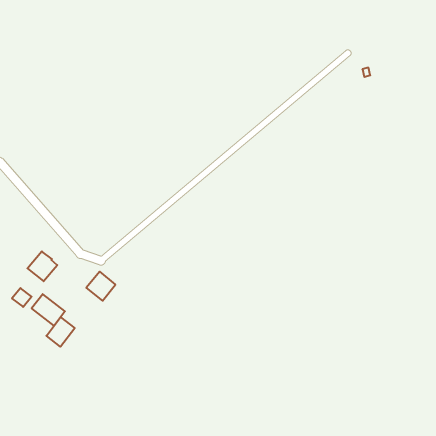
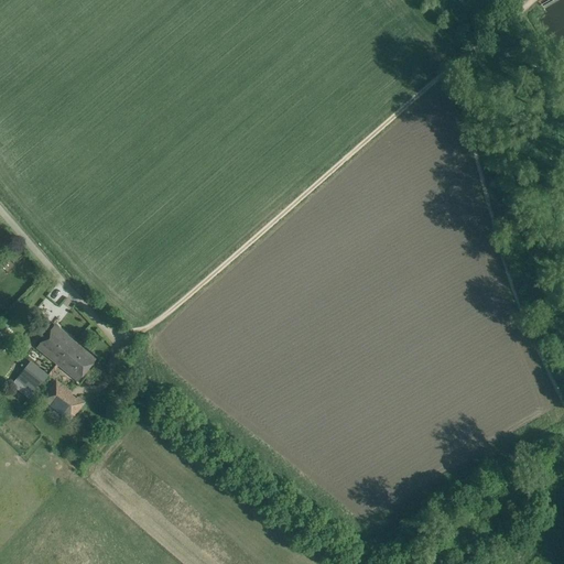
building: [86,272,115,301] -> [56,341,94,379]
building: [46,317,75,347] -> none

